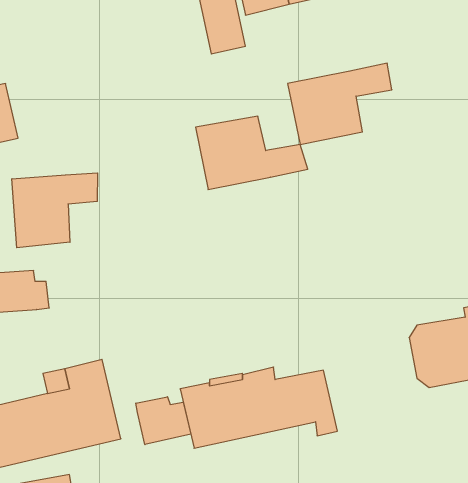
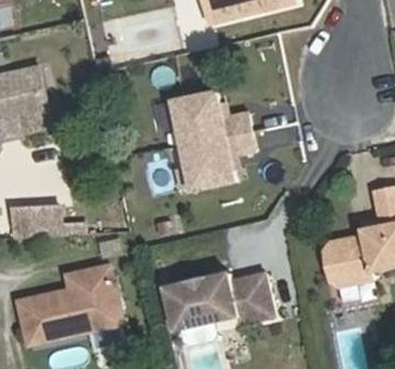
building: [288,63,392,144] -> [180,130,254,187]
building: [12,173,98,248] -> none
building: [136,397,191,445] -> none

